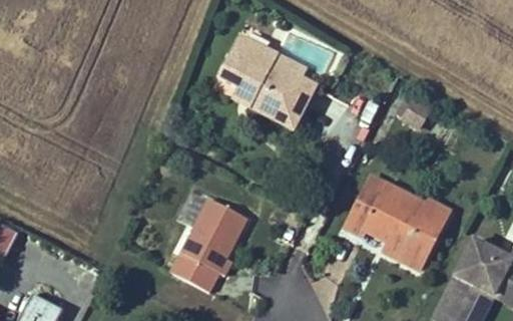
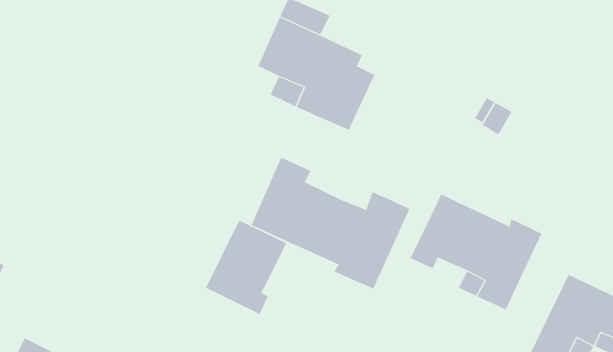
building: none -> [251,157,410,290]
building: [169,253,217,292] -> none

